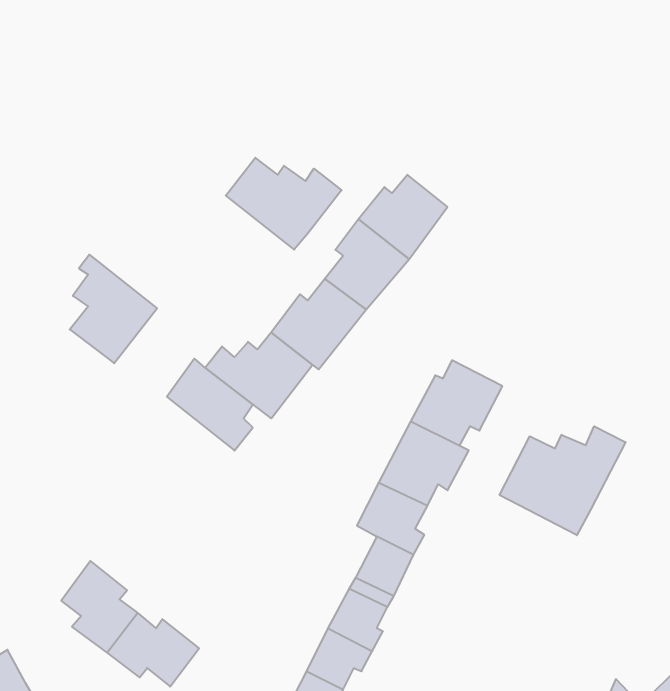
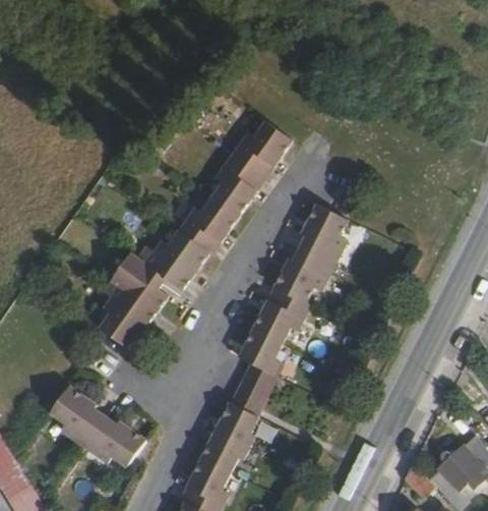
building: [226,158,342,250] -> none
building: [70,255,157,363] -> [99,273,157,345]
building: none -> [301,206,348,266]
building: [500,426,626,535] -> none

